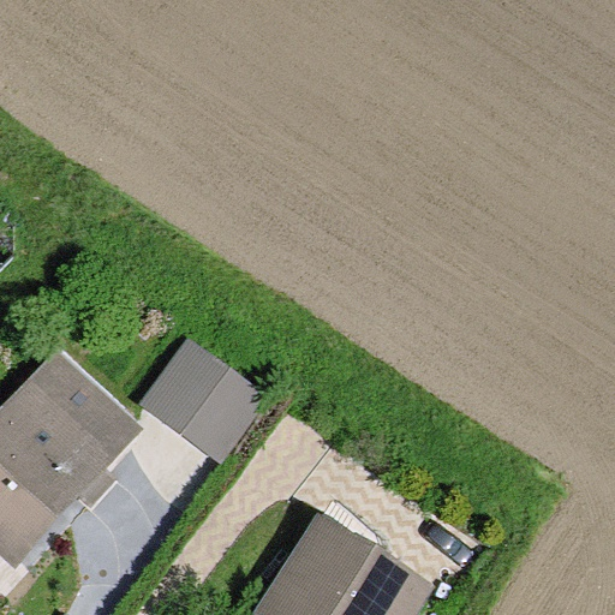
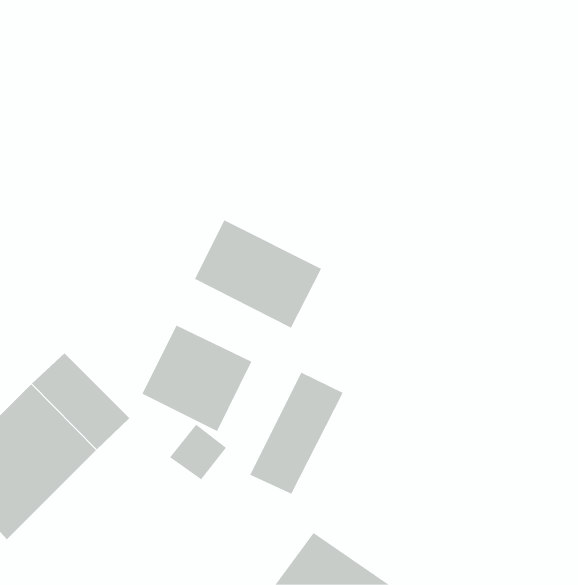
building: none -> [194,219,322,328]
building: none -> [249,372,343,495]

